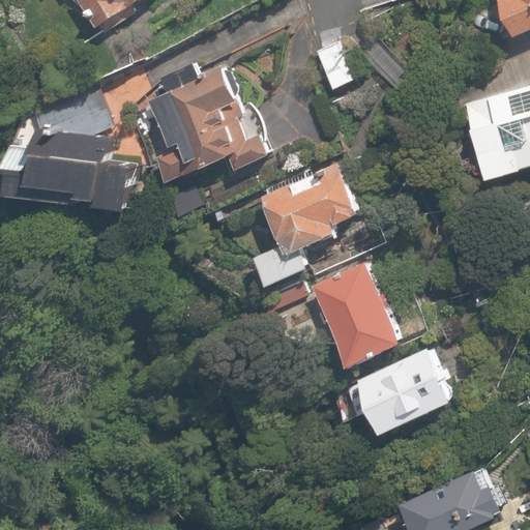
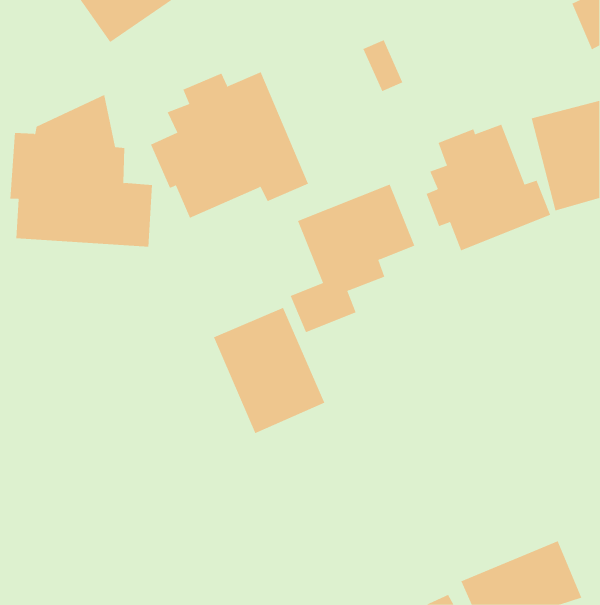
building: none -> [426,124,551,251]
building: [306,261,404,371] -> [213,307,325,434]
building: [356,345,459,438] -> none

